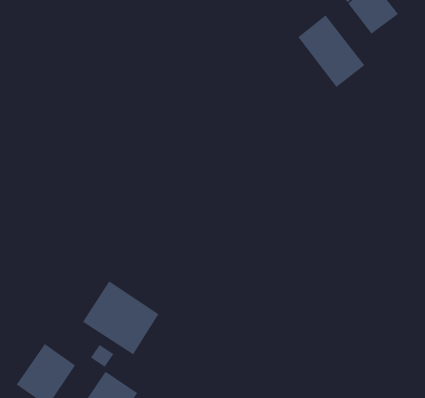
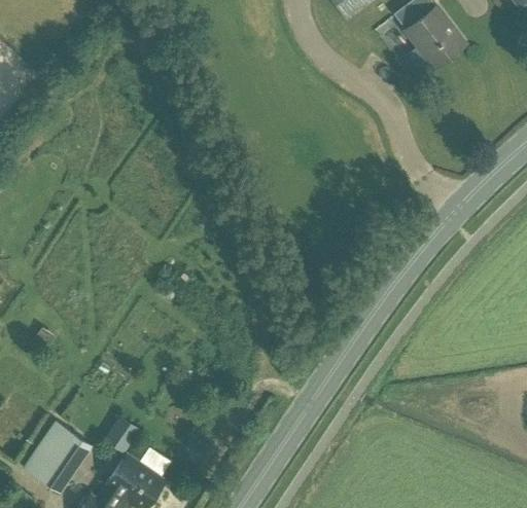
building: [298,14,365,88] -> none
building: [82,280,159,355] -> none

